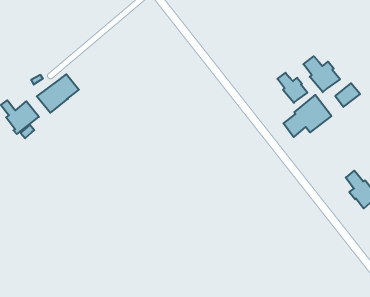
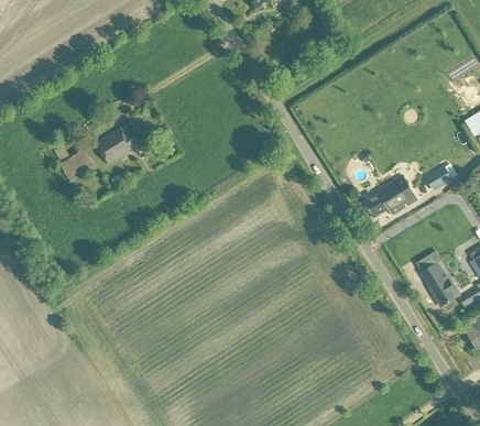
building: [303,56,340,92] -> none
building: [277,73,307,103] -> none

